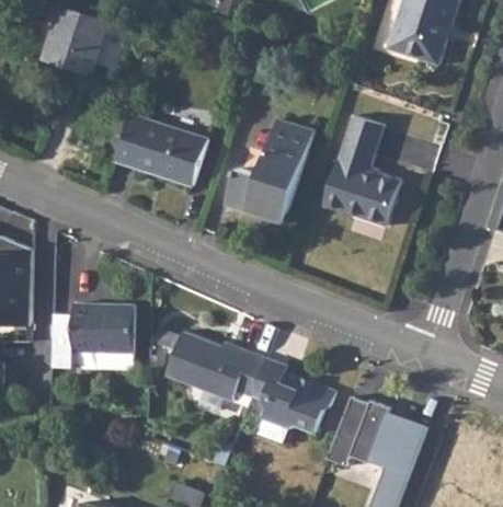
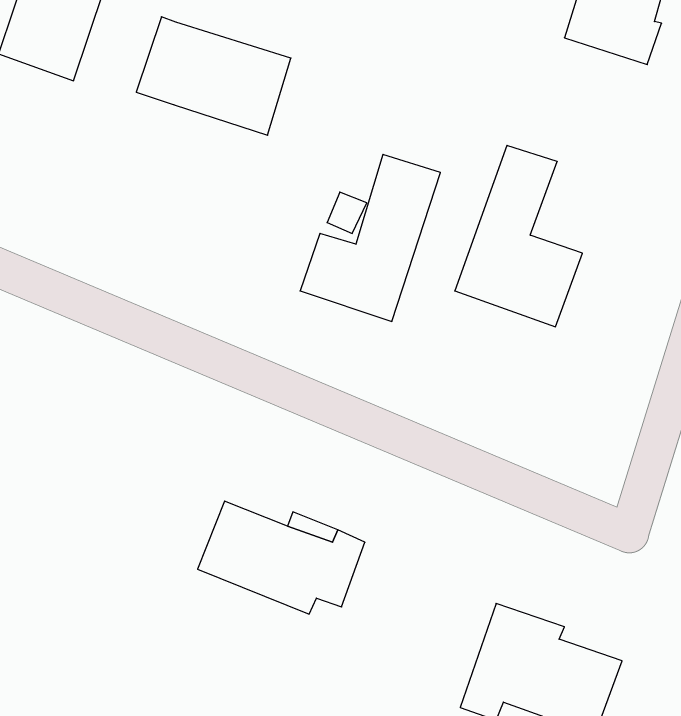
building: [114,116,208,188] -> [136,17,291,135]
building: [50,304,136,369] -> none
building: [253,358,340,441] -> none

